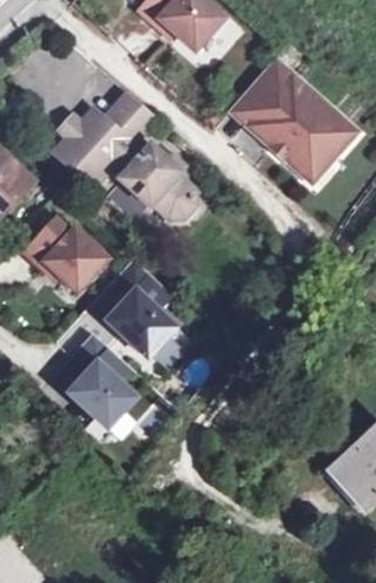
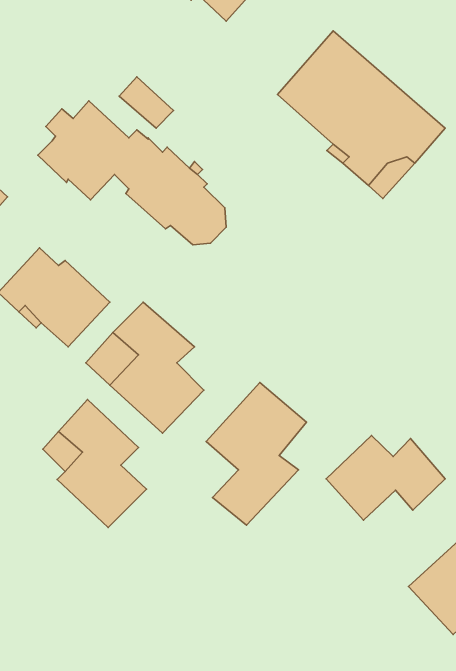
building: none -> [206,382,307,525]
building: none -> [326,436,445,520]

